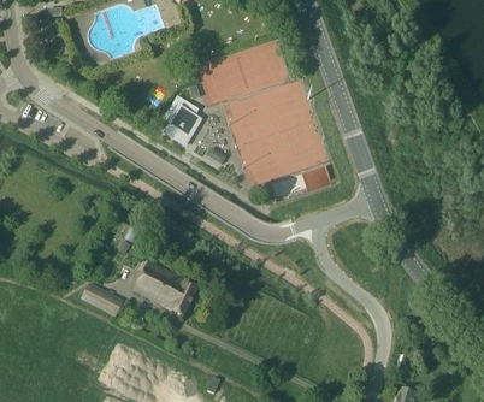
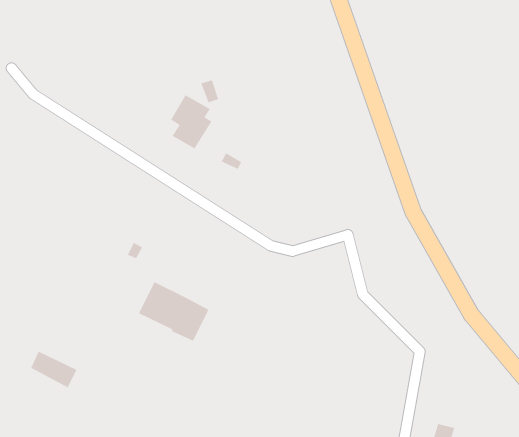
building: [81,283,123,317] -> [30,351,78,389]

